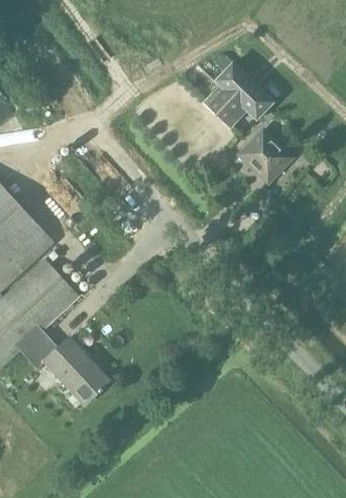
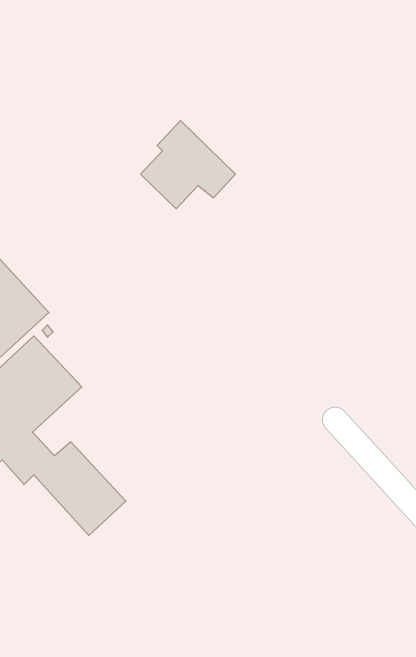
building: [203,61,272,126] -> [141,121,235,209]
building: [239,129,291,179] -> none

